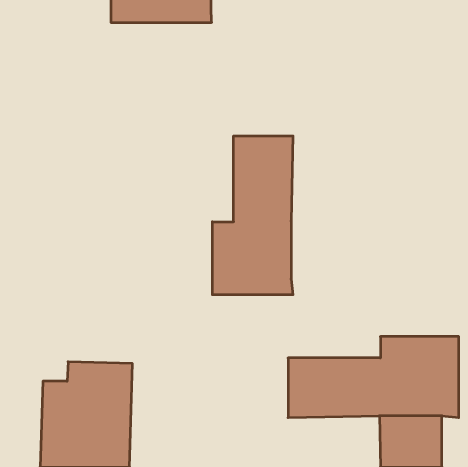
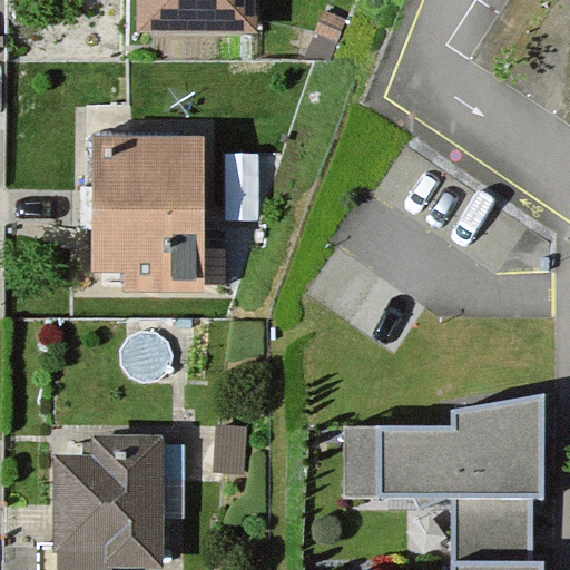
building: none -> [95,139,210,301]
building: [212,136,293,295] -> none

